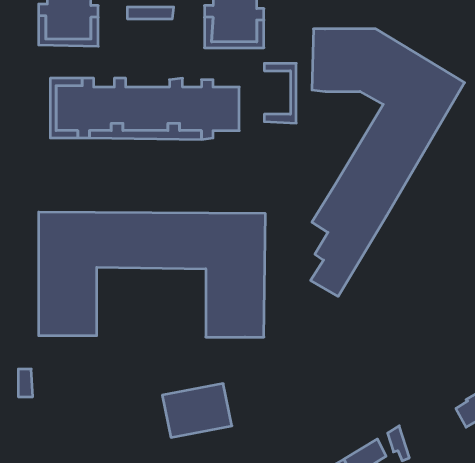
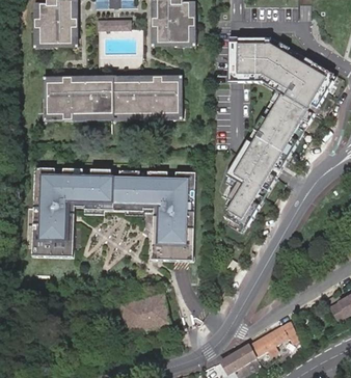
building: [264,63,296,123] -> [156,74,179,116]

